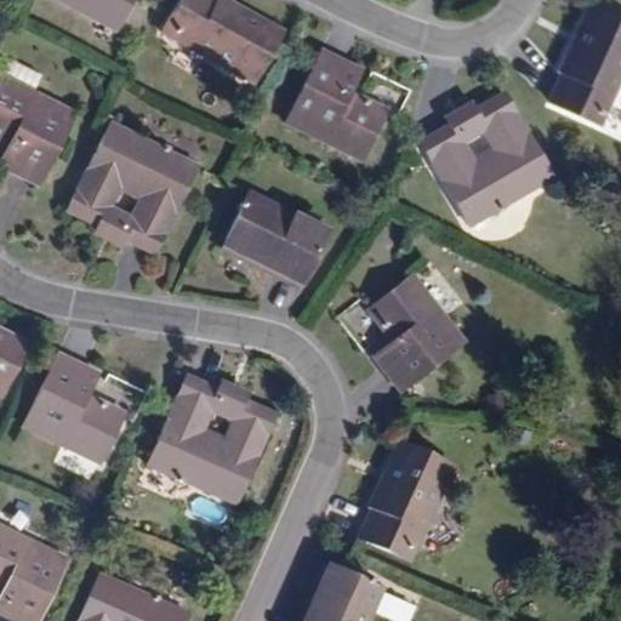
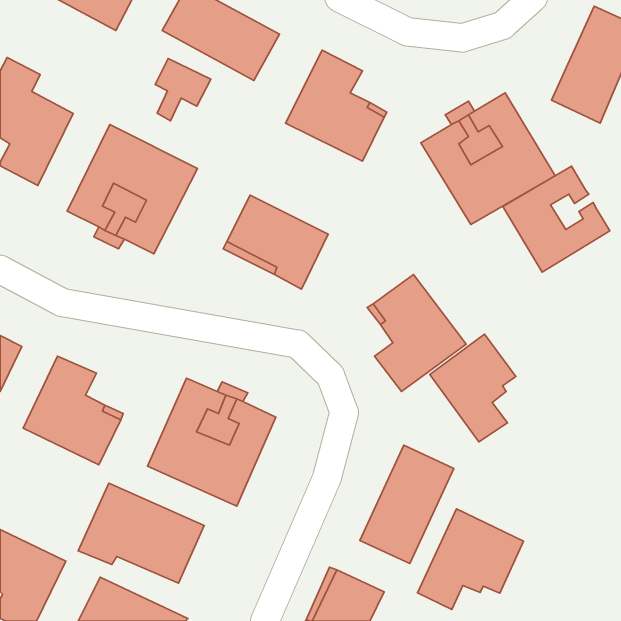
building: none -> [155,58,211,121]
building: none -> [503,166,610,272]
building: none -> [430,334,516,442]
building: none -> [78,483,204,583]
building: none -> [418,509,524,609]

